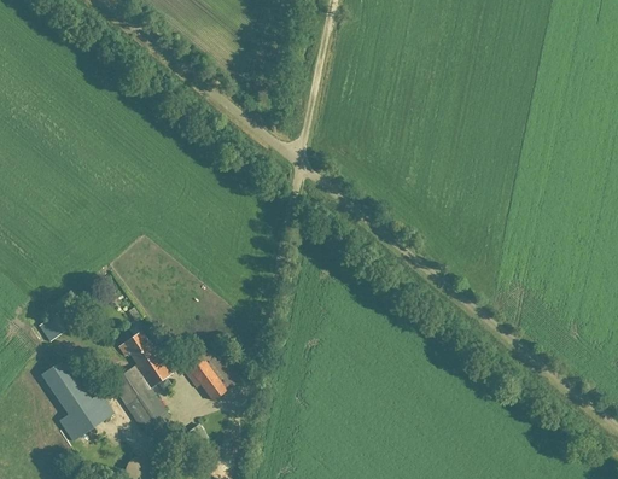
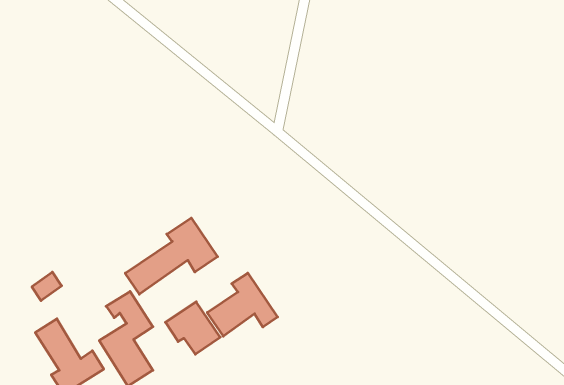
building: none -> [125,218,218,294]
building: none -> [207,273,278,336]

